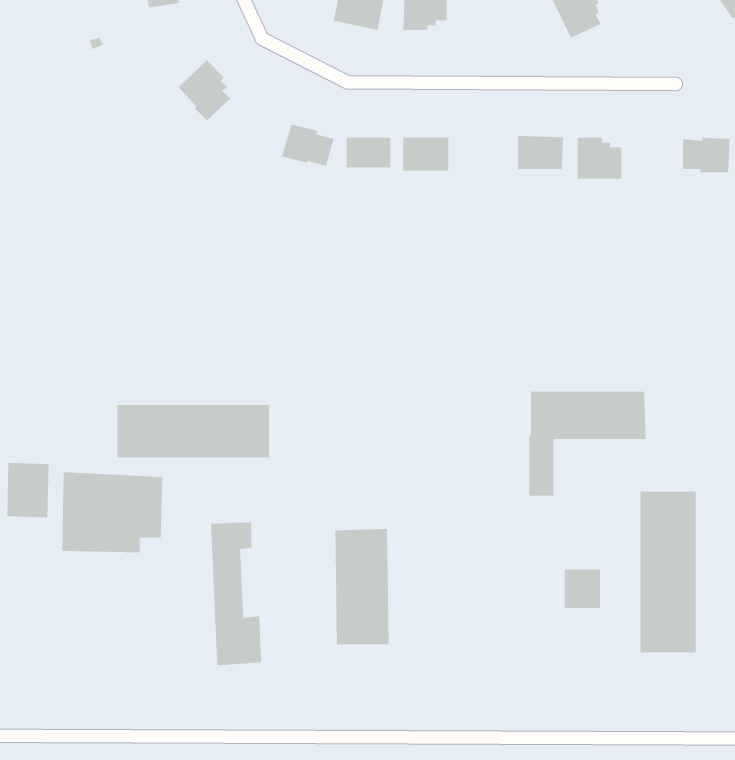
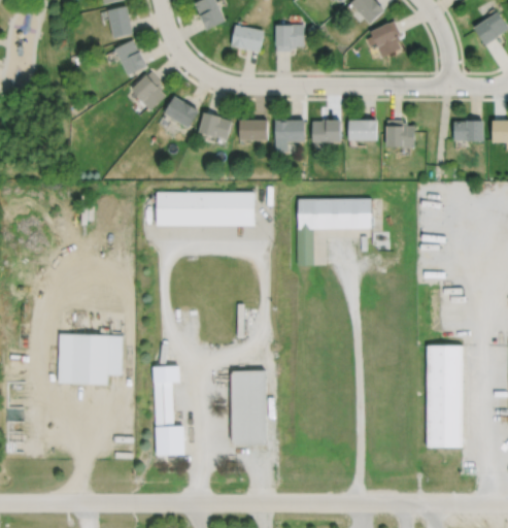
building: none -> [114,39,147,75]
building: none -> [164,95,198,127]
building: none -> [312,120,341,141]
building: [528,391,646,496] -> [297,198,372,265]
building: [116,405,270,458] -> [157,191,255,225]
building: [7,462,49,518] -> none
building: [564,569,601,609] -> none

